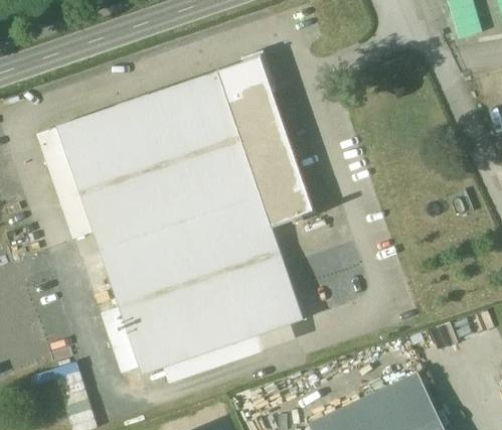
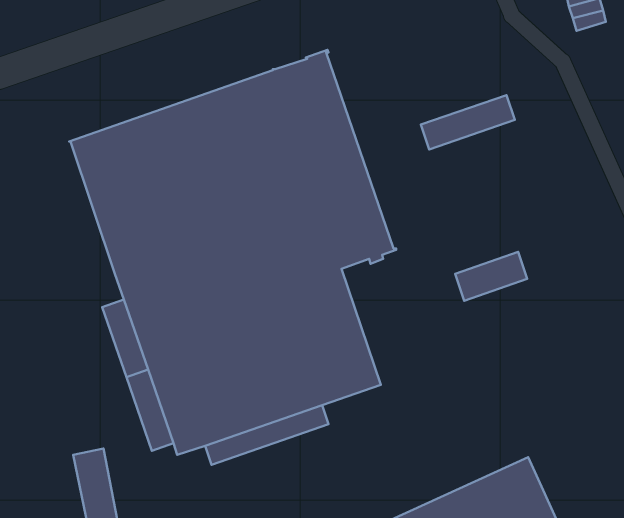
building: none -> [421,95,515,150]
building: [38,127,93,238] -> none
building: none -> [455,252,527,301]

